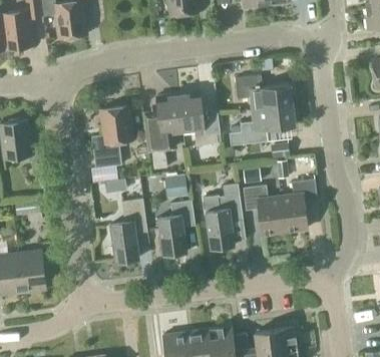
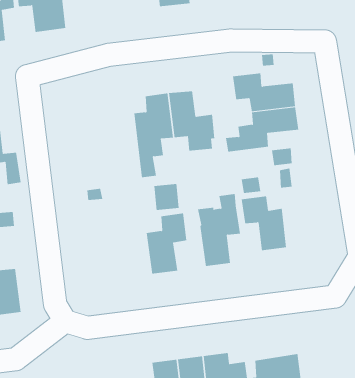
building: [91,106,132,168] -> none
building: [280,180,317,232] -> none
building: [110,199,147,262] -> none

